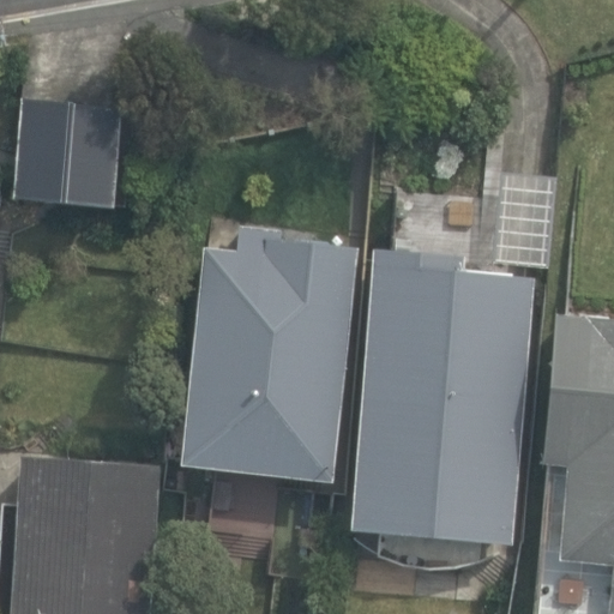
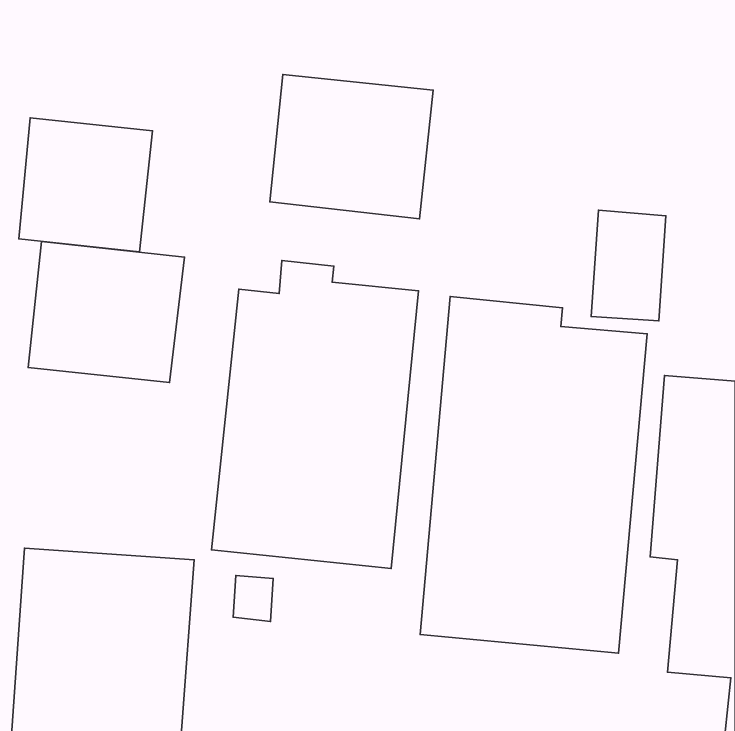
building: none -> [270,75,433,219]
building: none -> [28,242,185,383]

